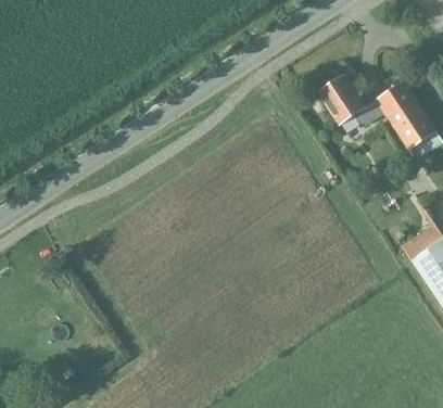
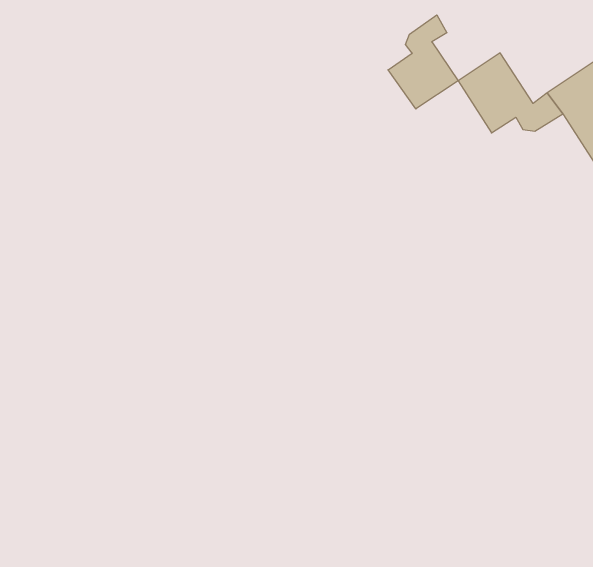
building: none -> [388,15,458,109]

